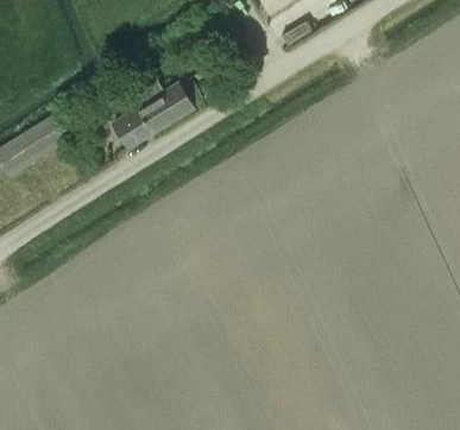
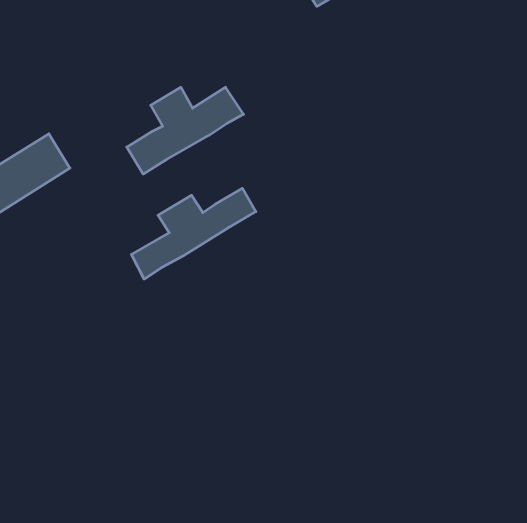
building: none -> [131,188,256,279]

